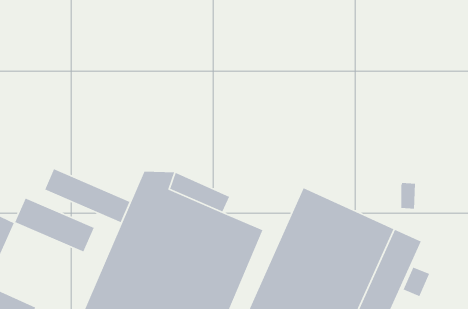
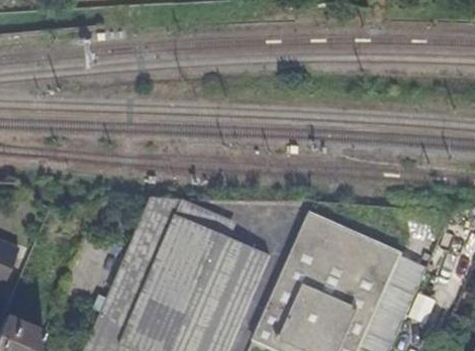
building: [44,168,131,223] -> none
building: [14,197,95,253] -> none

